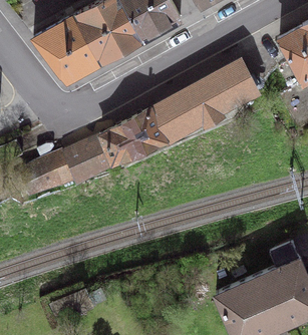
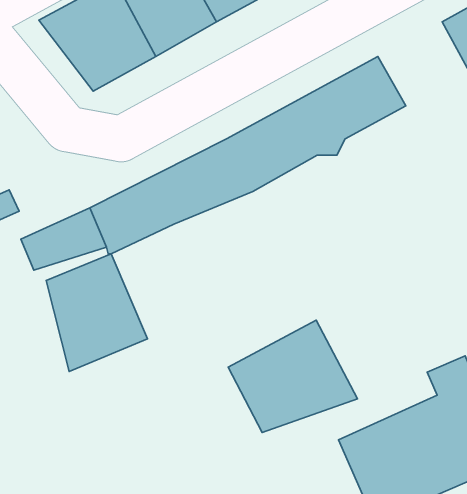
building: none -> [46,254,148,371]
building: none -> [228,320,357,433]

